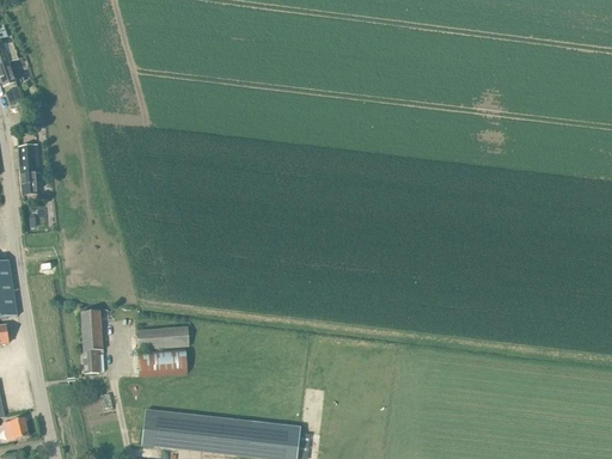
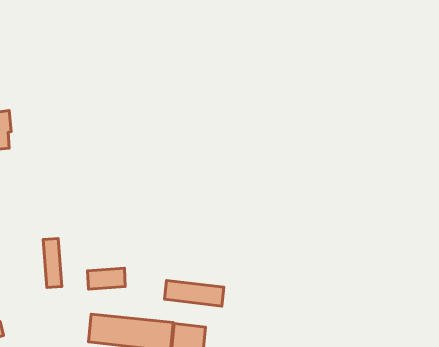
building: [136,326,189,349] -> none
building: none -> [165,280,224,306]

